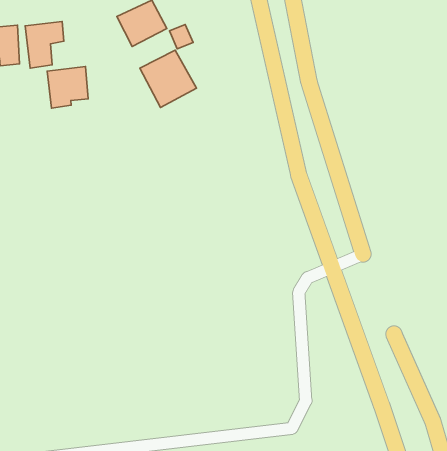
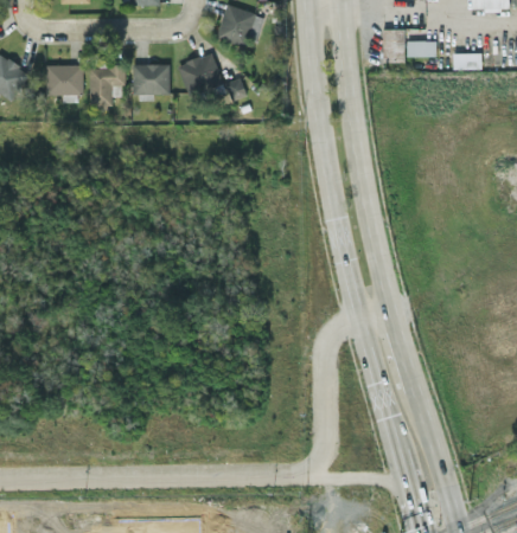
building: [140,50,197,107] -> none
building: [47,67,88,108] -> [133,64,170,101]

